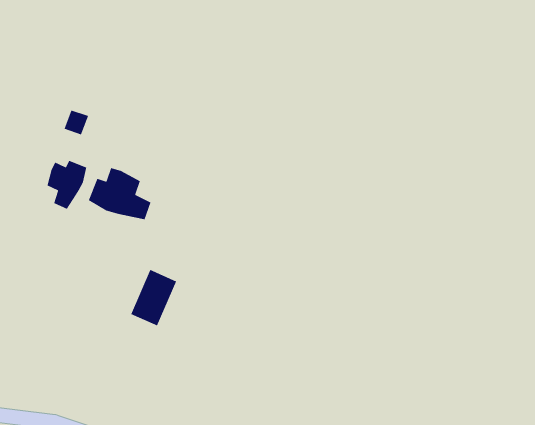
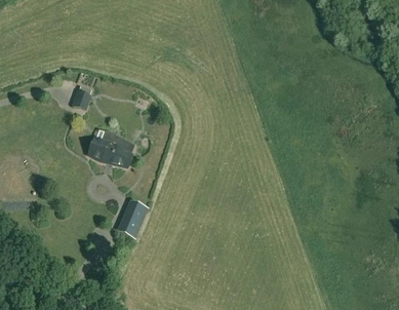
building: [46,160,87,210] -> none

